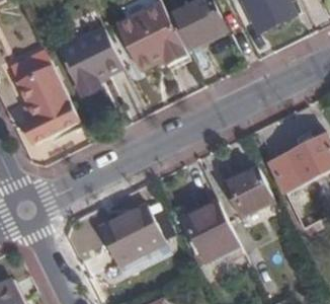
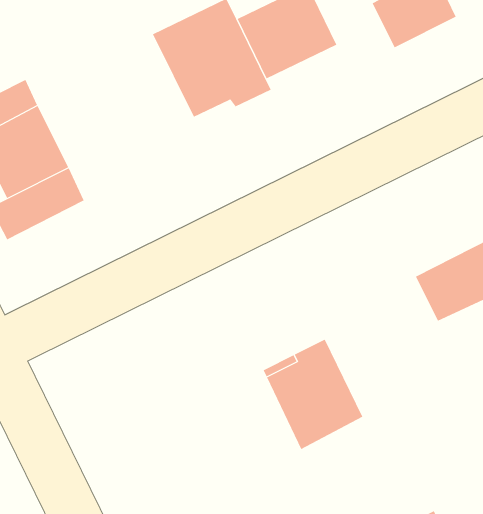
building: [60,28,122,91] -> none
building: [225,167,273,216] -> none
building: [96,206,163,268] -> none

